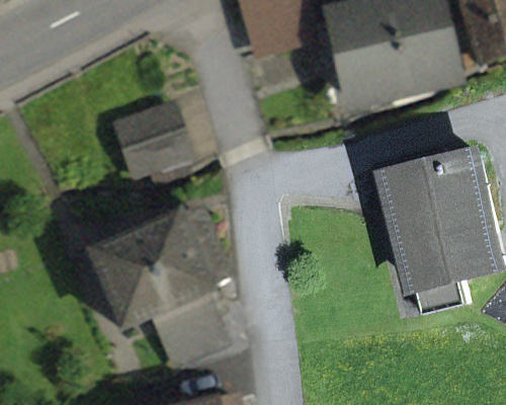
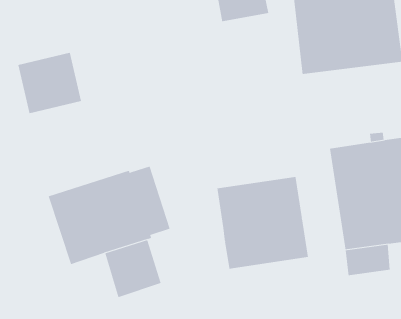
building: [112,102,185,173] -> [18,52,82,114]
building: none -> [217,176,309,269]

